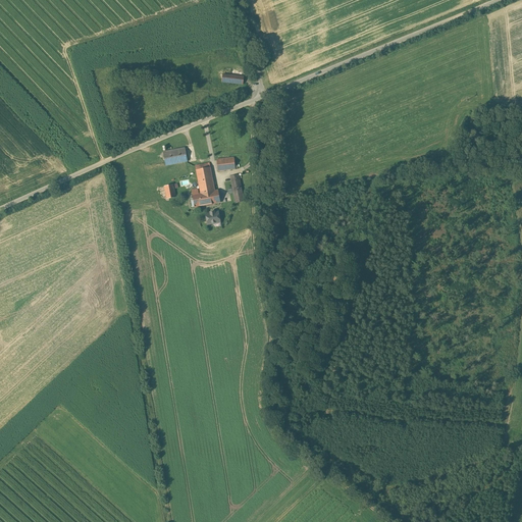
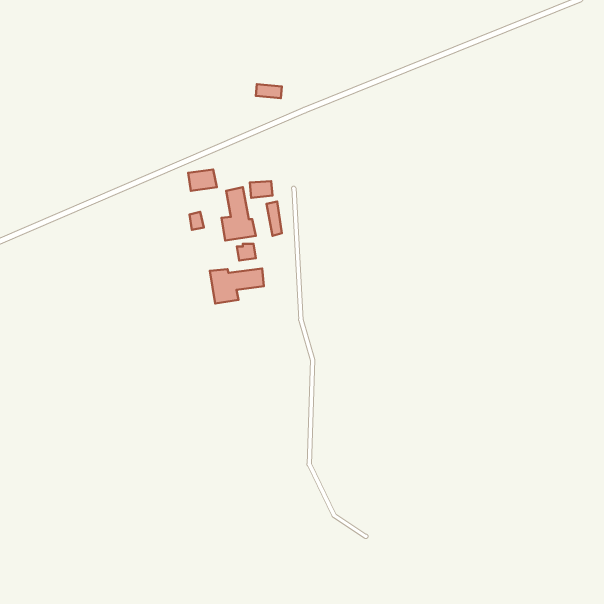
building: none -> [210,268,264,303]

